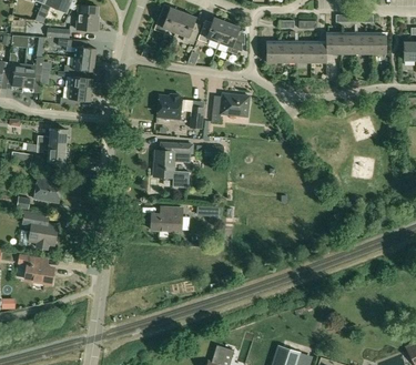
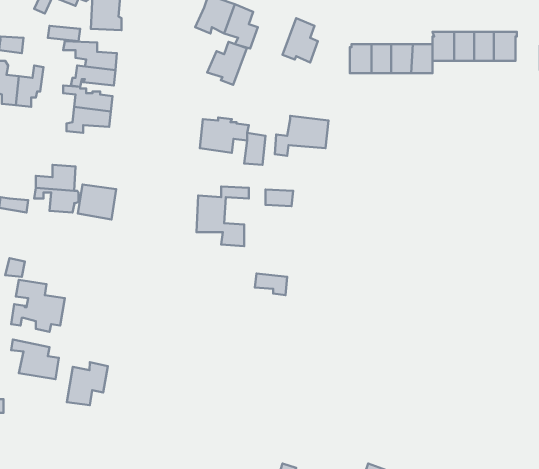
building: [197,18,226,49] -> [207,42,247,85]
building: [34,178,62,203] -> [78,184,116,220]
building: [150,207,182,232] -> none
building: none -> [67,362,108,405]

